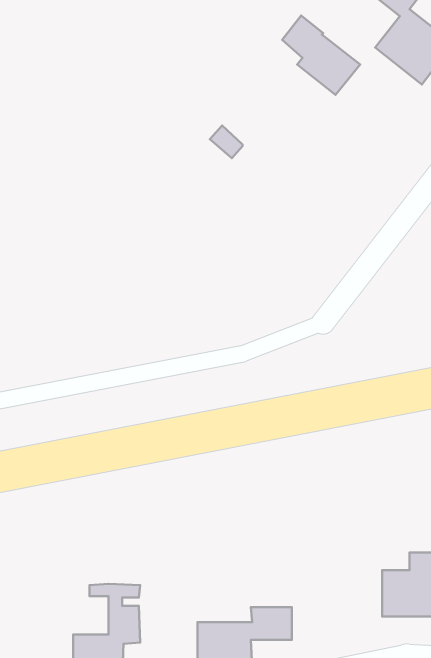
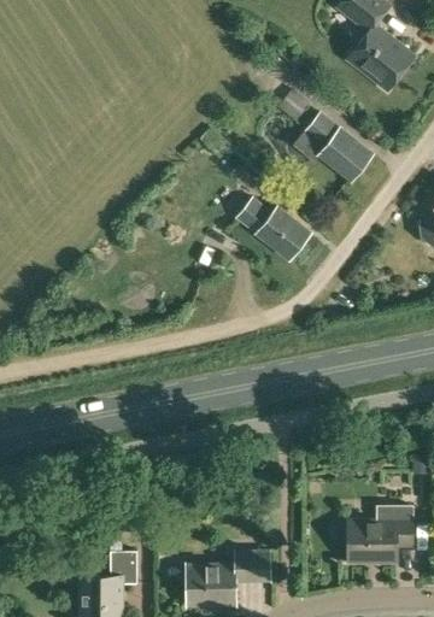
building: [282,15,360,95] -> [305,112,374,182]
building: none -> [236,198,311,260]

